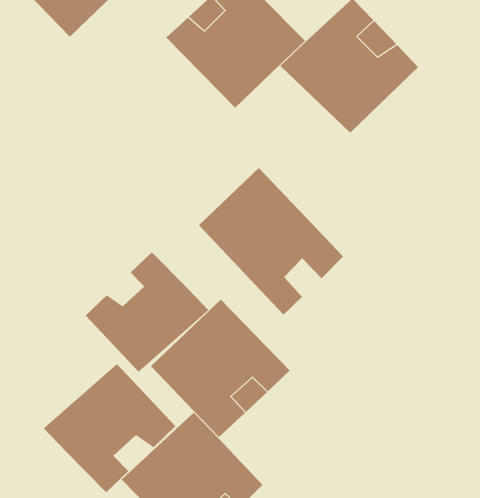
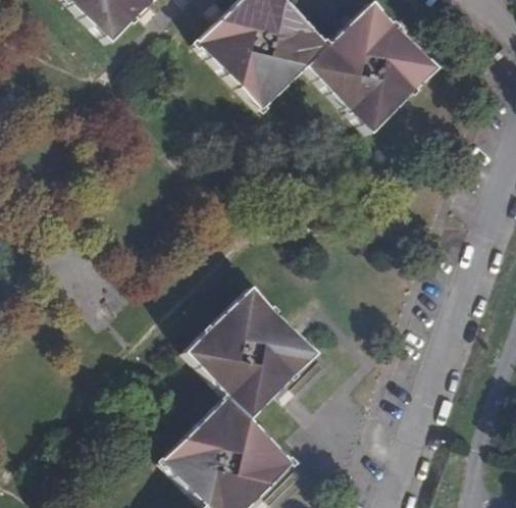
building: [198,167,344,316] -> none
building: [85,251,209,372] -> none
building: [43,363,176,493] -> none

